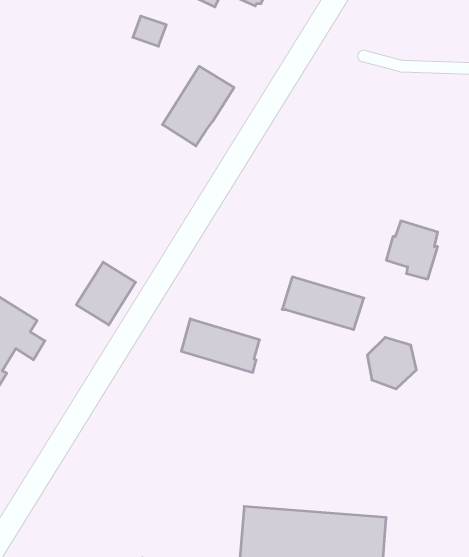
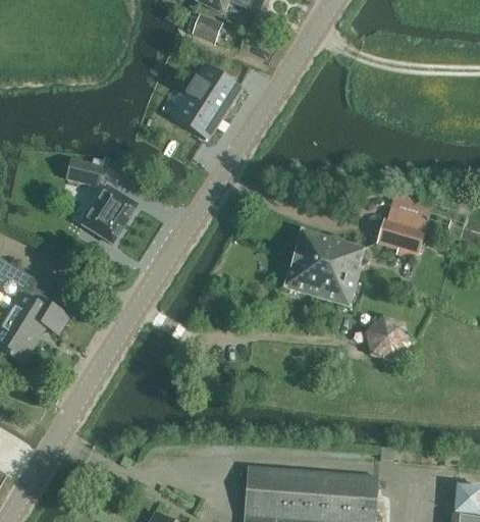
building: [133,16,166,46] -> [193,13,223,41]
building: none -> [66,158,102,186]
building: [76,262,136,325] -> [84,186,138,243]
building: [181,319,260,372] -> [292,227,364,276]

